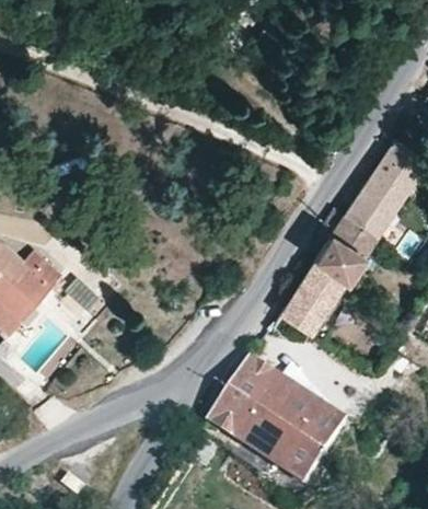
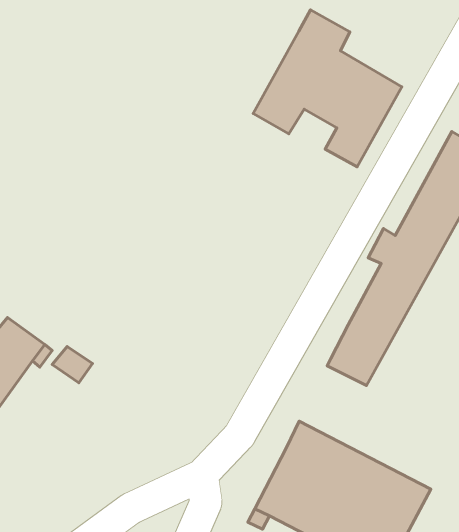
building: none -> [253,10,402,167]

